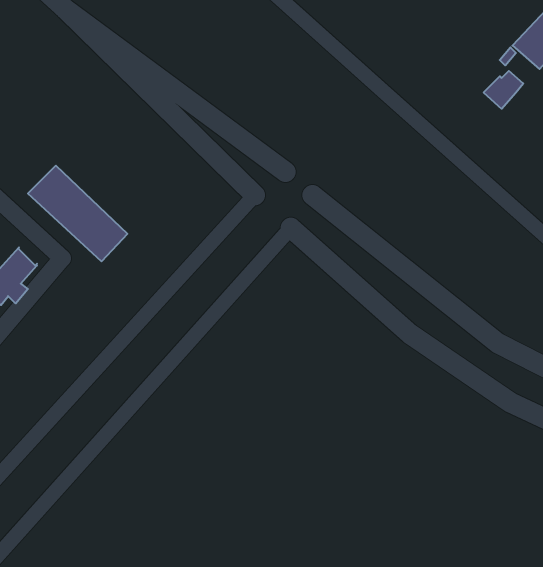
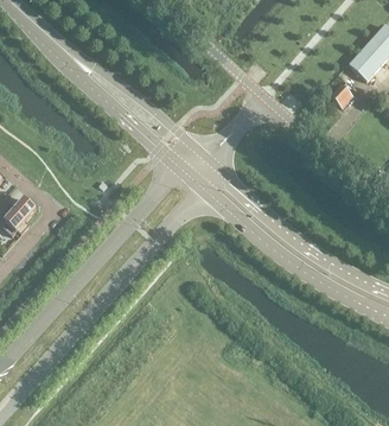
building: [28,166,127,261] -> none

